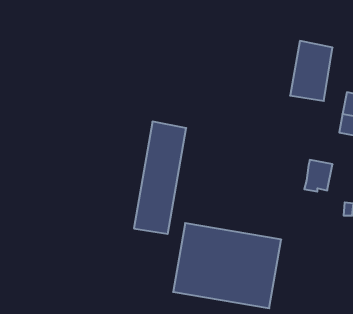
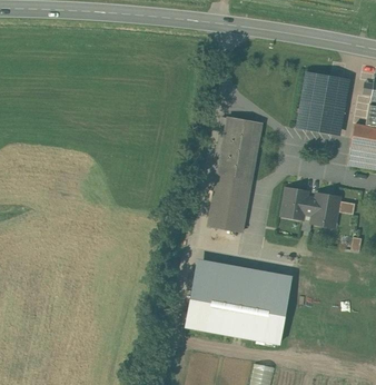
building: [134,122,186,234] -> [209,117,263,231]
building: none -> [284,187,317,219]

